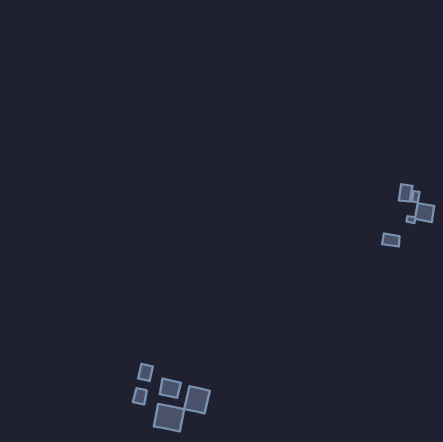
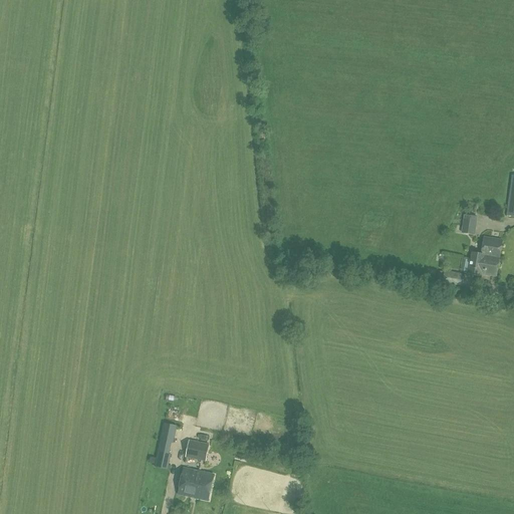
building: none -> [467,253,499,275]
building: [184,386,210,414] -> none

